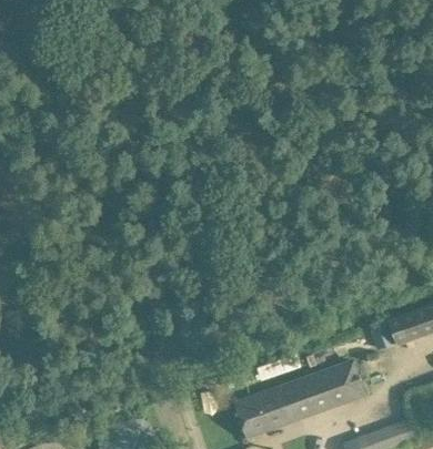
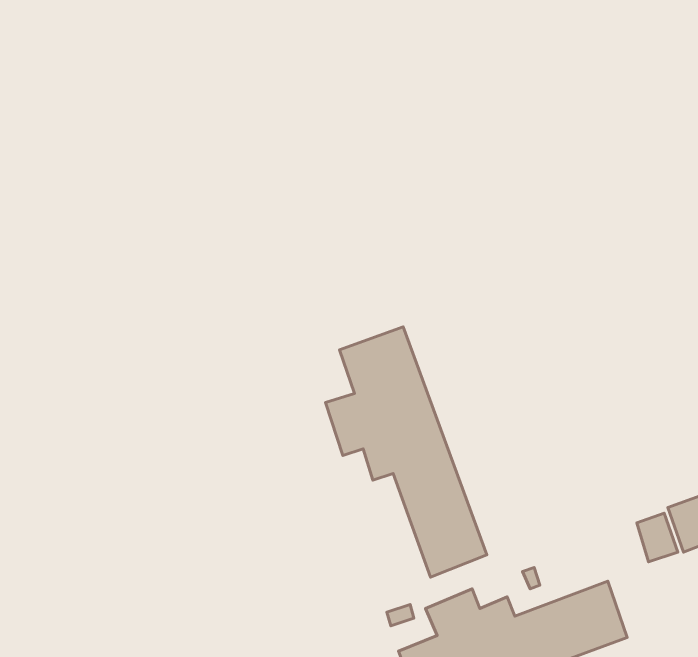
building: none -> [326,327,487,577]

